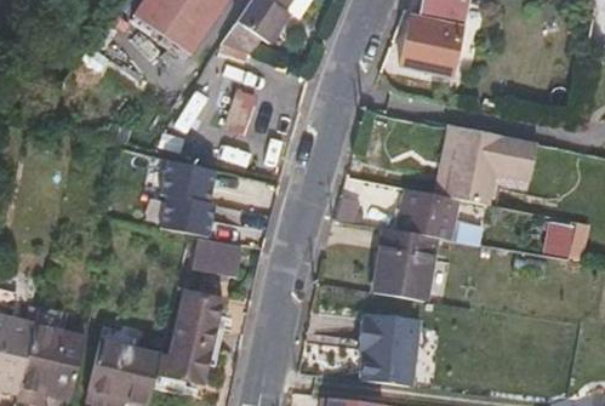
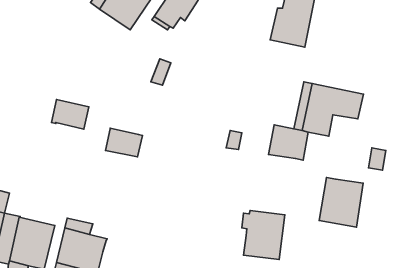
building: [160,159,215,202] -> [52,99,89,129]
building: [373,229,438,302] -> [319,178,363,227]
building: [192,238,241,278] -> none
building: [155,288,224,385] -> none

